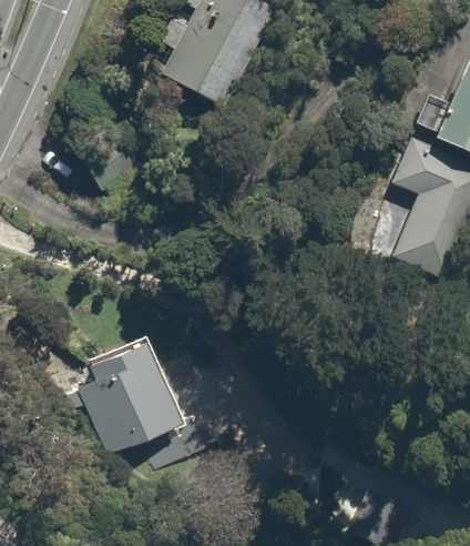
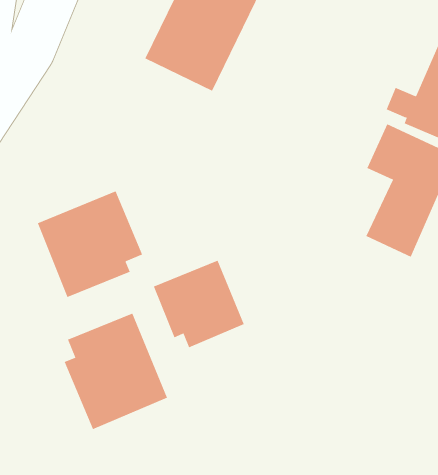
building: none -> [37,190,143,298]
building: none -> [153,260,245,348]

